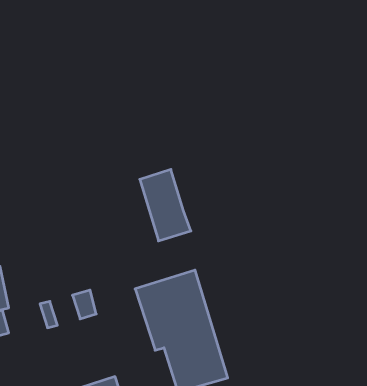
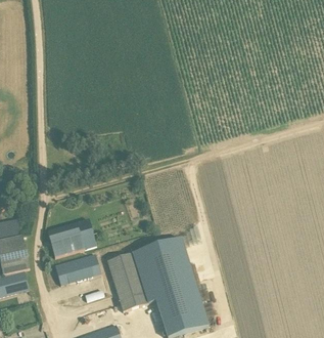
building: [140,169,191,241] -> [106,252,148,310]
building: none -> [47,218,98,256]

